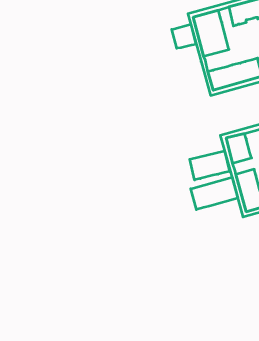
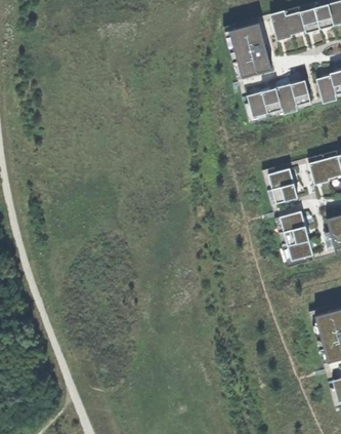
building: [172,24,196,48] -> none
building: [190,151,230,180] -> none
building: [191,177,238,210] -> none

